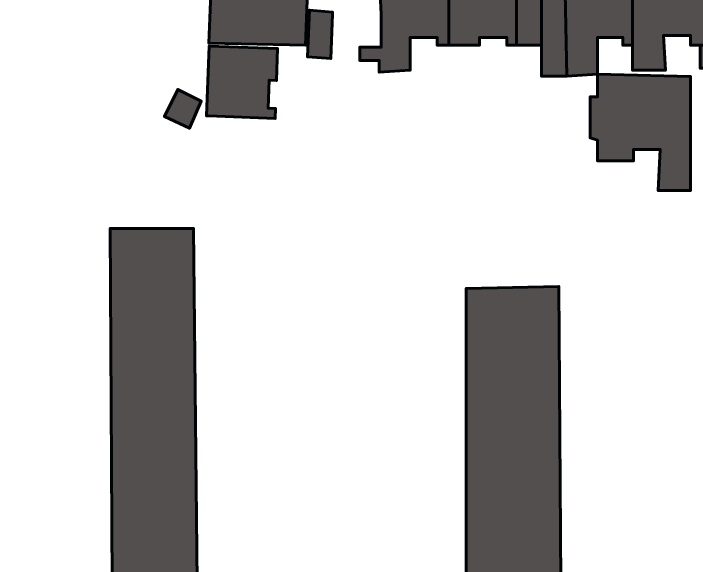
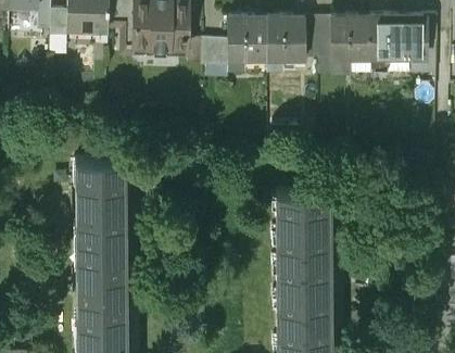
building: none -> [201,38,229,64]
building: [207,46,278,118] -> none
building: [590,74,690,190] -> none

